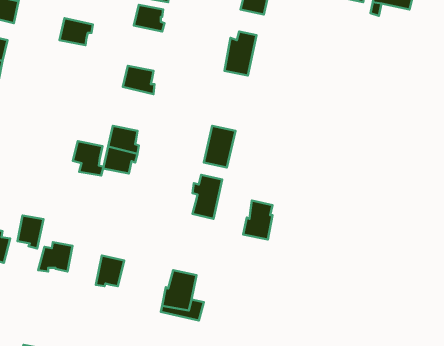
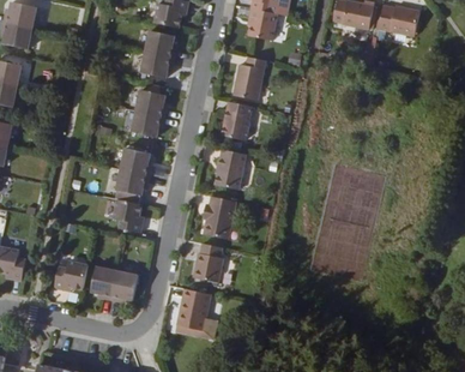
building: [60,18,93,45] -> [140,50,173,77]
building: none -> [222,102,252,142]
building: none -> [131,110,164,137]
building: [73,141,104,175] -> [110,205,140,239]
building: [243,200,273,240] -> [192,244,221,282]
building: [18,215,43,248] -> [89,272,114,305]

